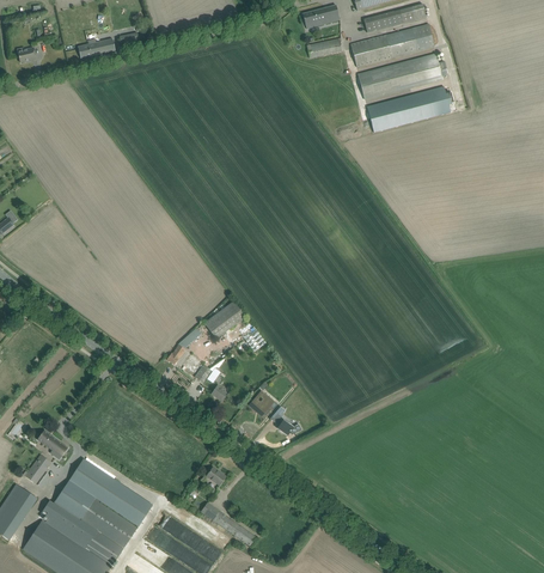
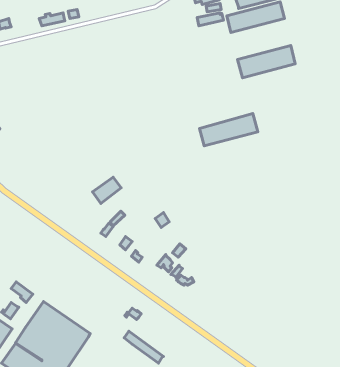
building: [357,53,442,99] -> [199,114,258,146]
building: [204,300,246,339] -> [93,177,121,203]

